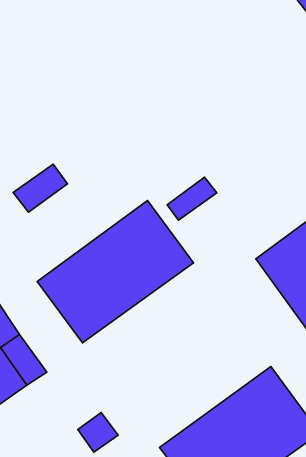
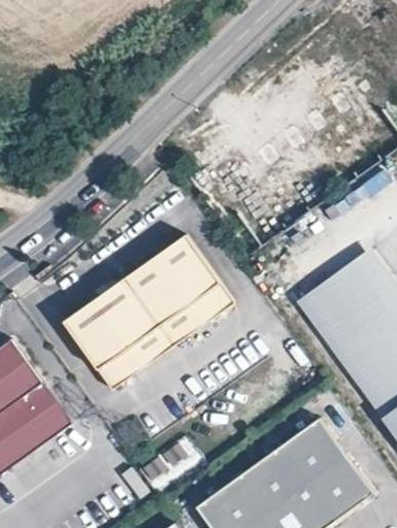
building: [13,164,68,212] -> none
building: [167,177,217,220] -> none

